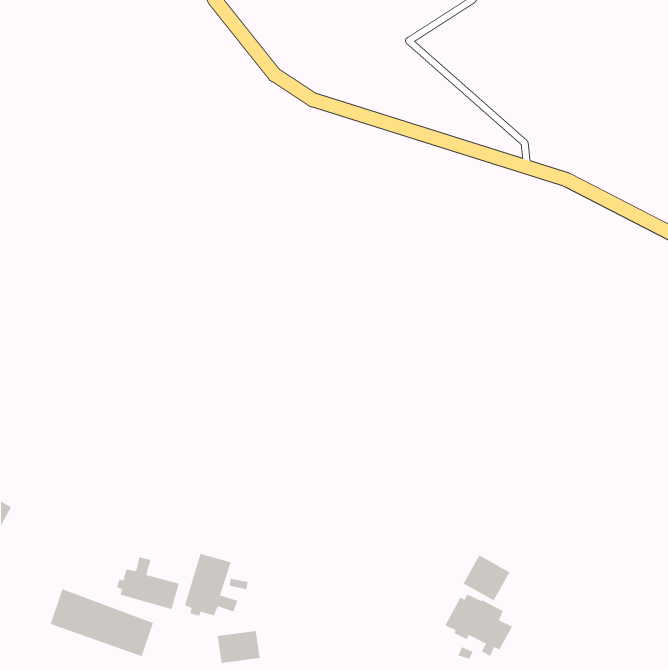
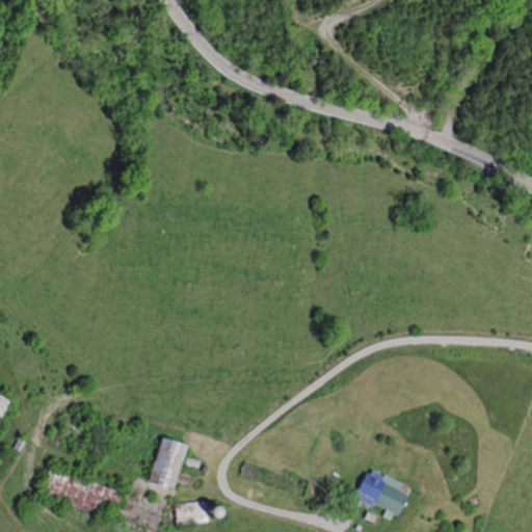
building: [463,555,510,601] -> none
building: [116,557,180,610] -> none

